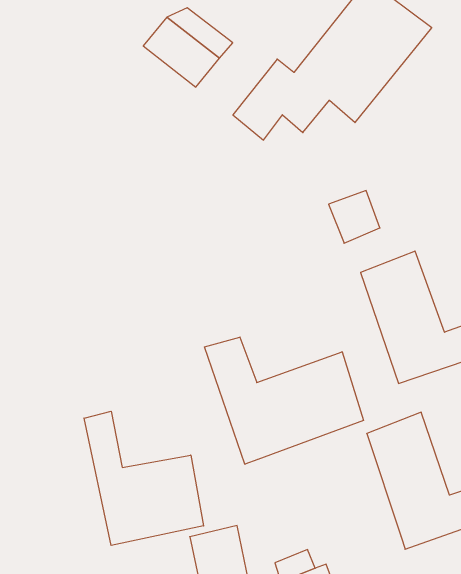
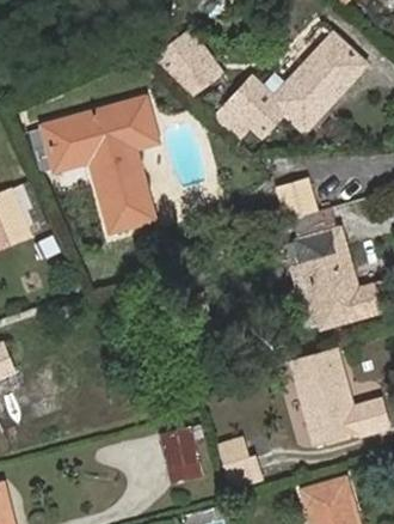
building: none -> [42,98,158,234]
building: [205,337,364,464] -> none
building: [84,411,204,545] -> none

